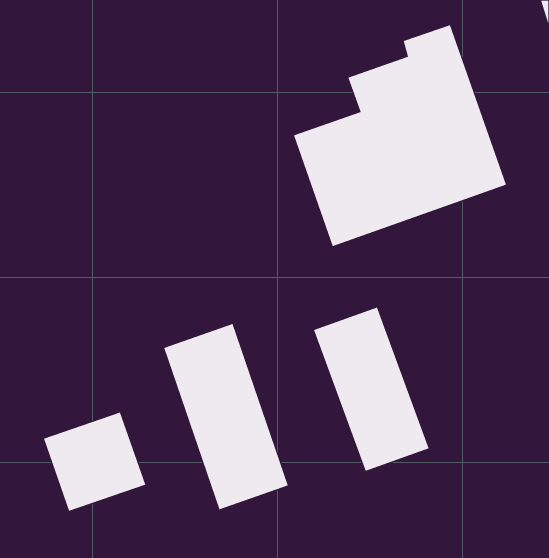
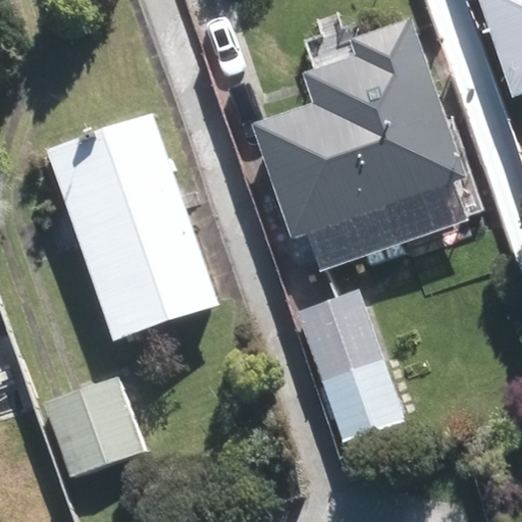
building: none -> [60,126,218,334]
building: [163,323,289,510] -> none

